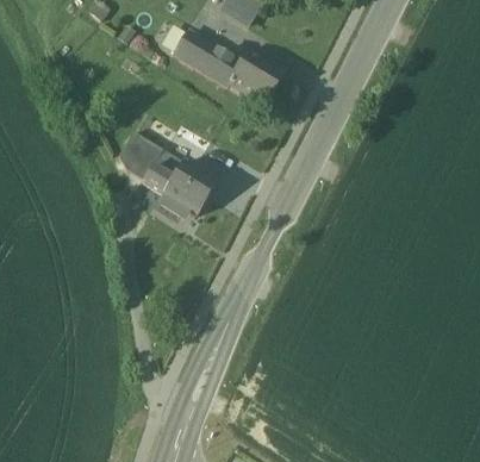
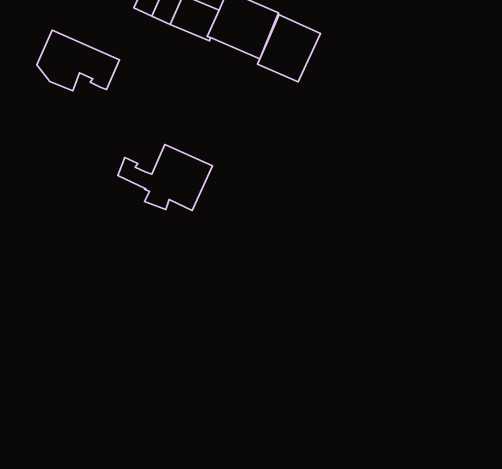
building: none -> [257,15,321,82]
building: [118,131,182,182] -> [37,30,120,91]

